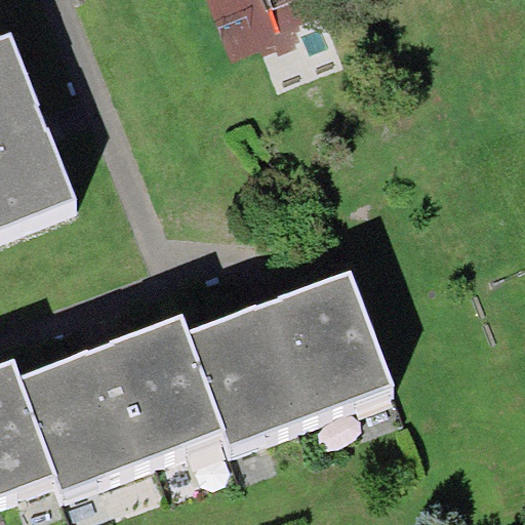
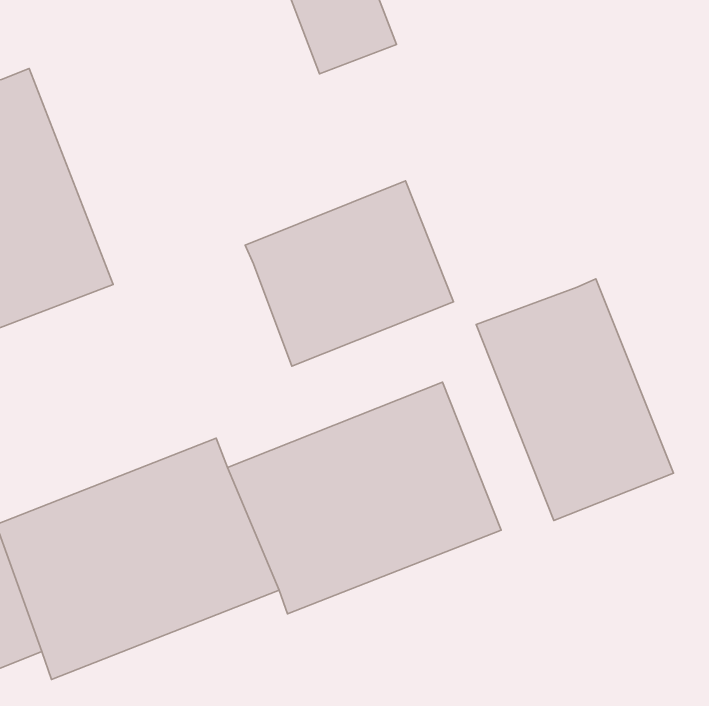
building: none -> [245,181,454,366]
building: none -> [476,279,673,521]

